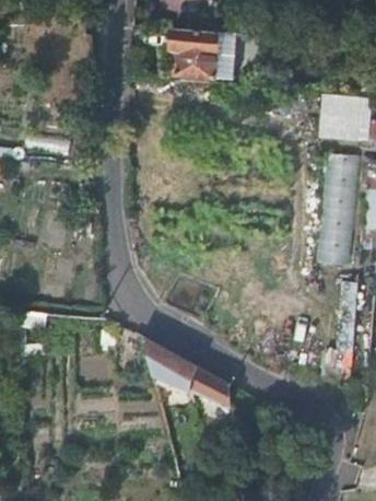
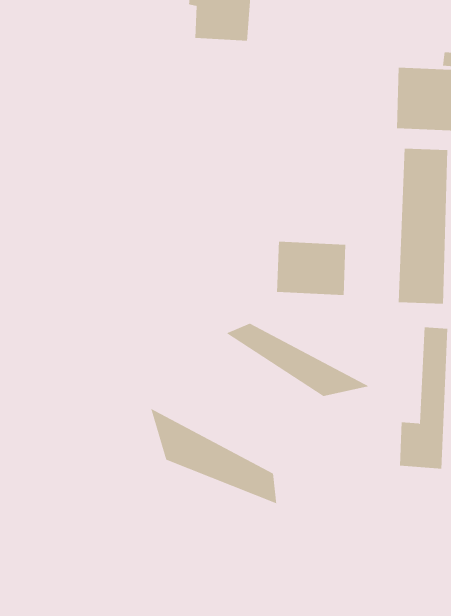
building: none -> [277,241,346,296]
building: none -> [226,323,370,397]

